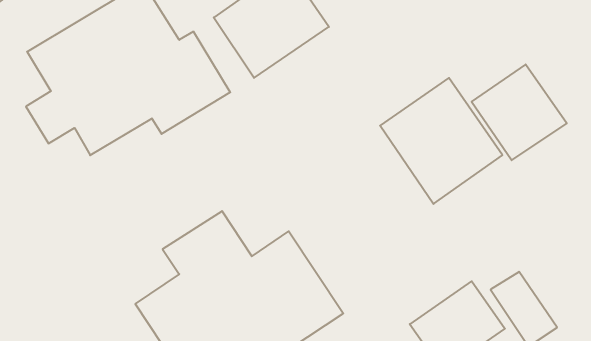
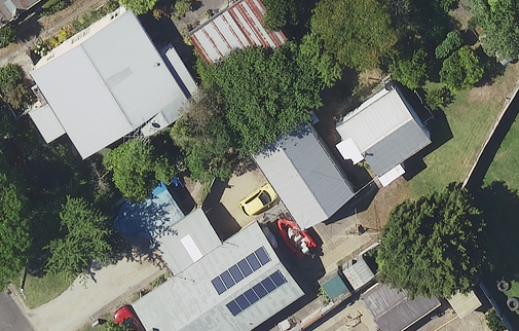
building: [472,64,567,160] -> none
building: none -> [249,111,355,229]

